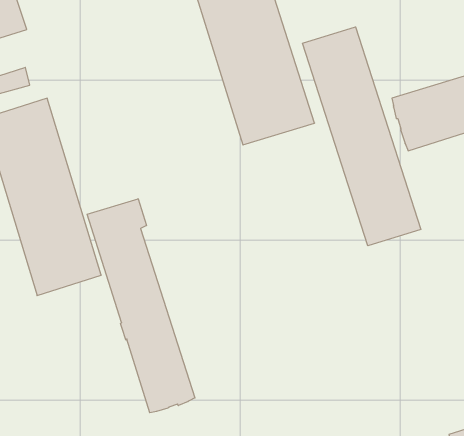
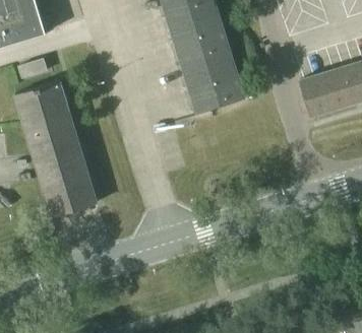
building: [303,27,421,246] -> none
building: [87,199,195,413] -> none

